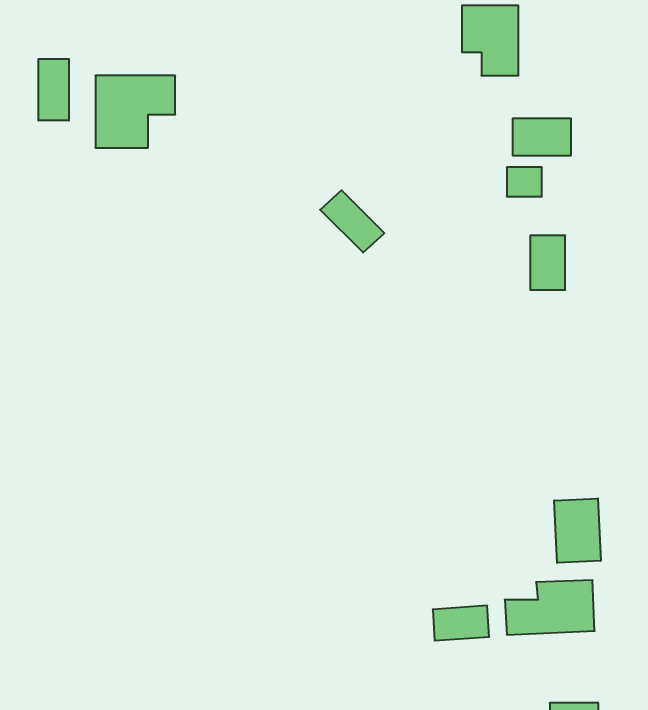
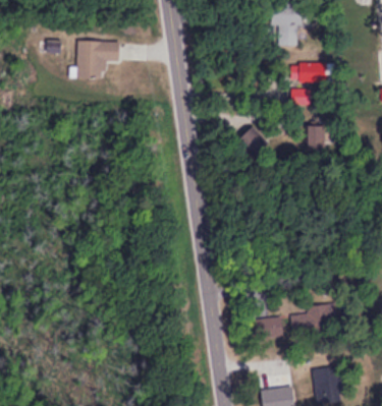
building: [38,59,69,121] -> none
building: [320,190,384,253] -> [231,124,265,157]
building: [554,498,601,563] -> none

